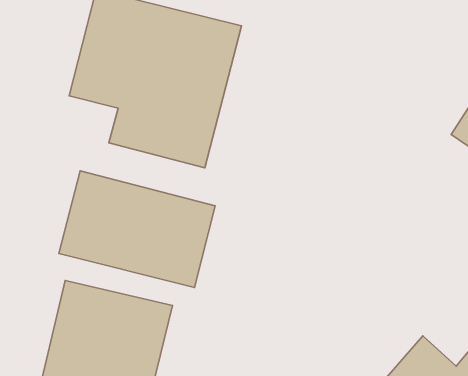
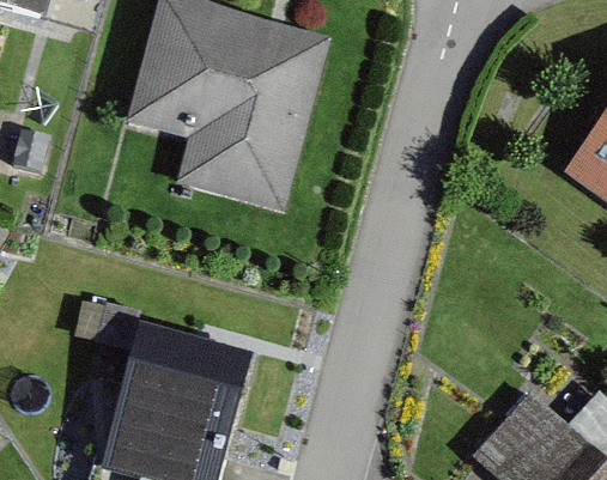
building: [59,171,215,288] -> none

